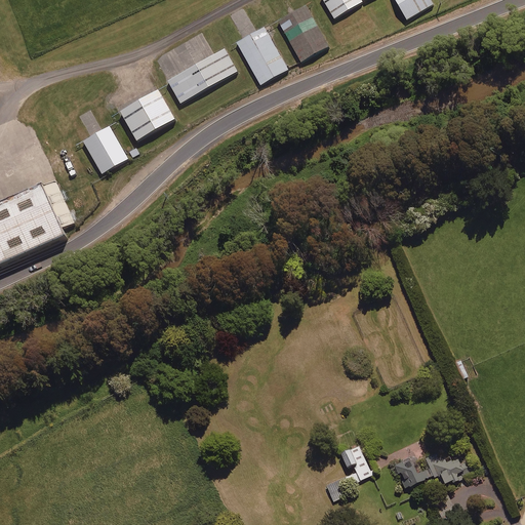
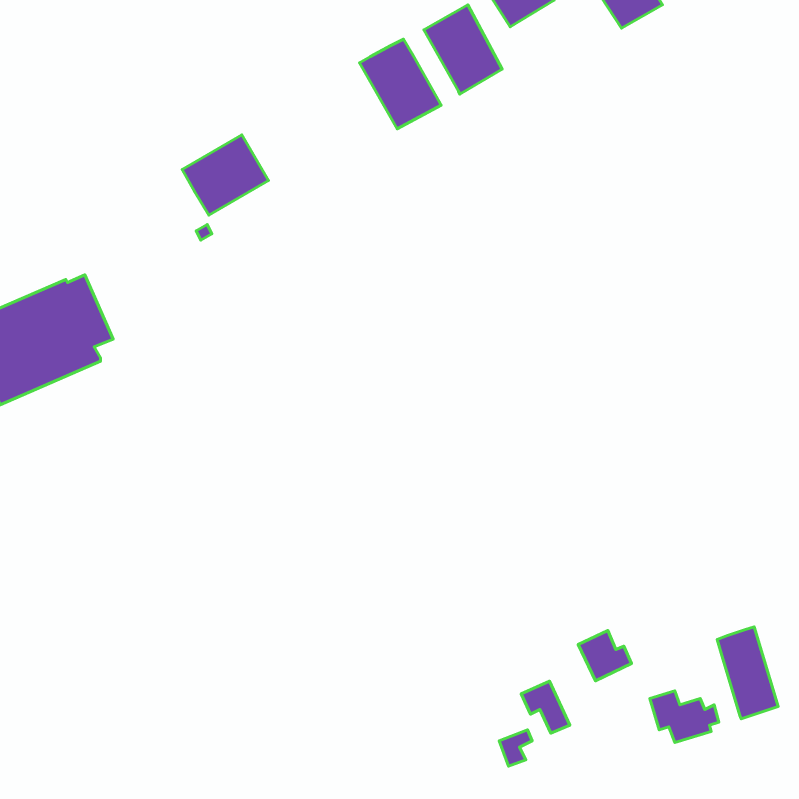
building: [166,47,237,103] -> none
building: [82,124,128,173] -> none
building: none -> [717,627,778,719]
building: [394,455,429,488] -> [578,631,632,681]

